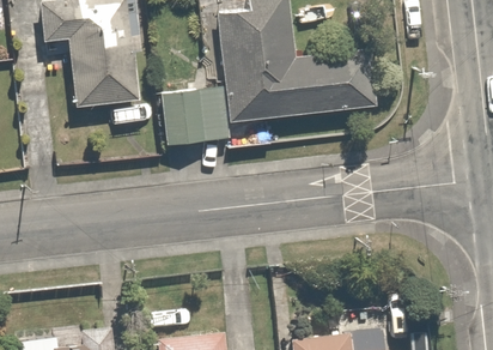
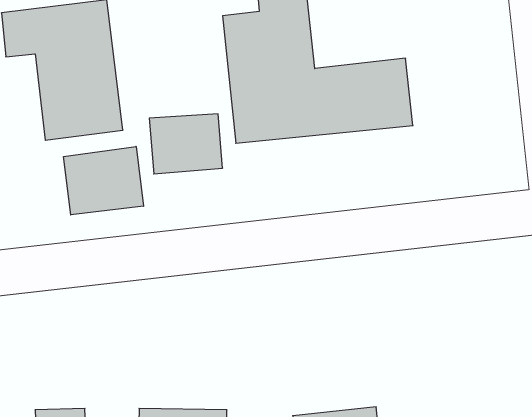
building: none -> [64,146,144,215]

